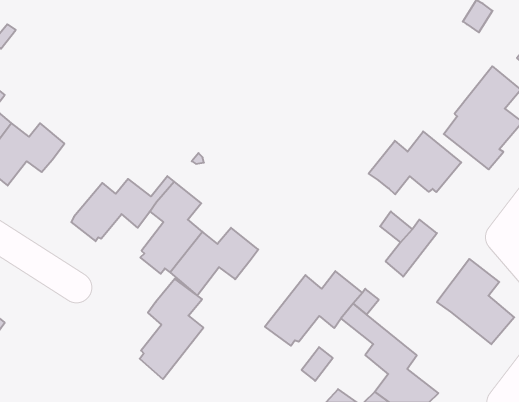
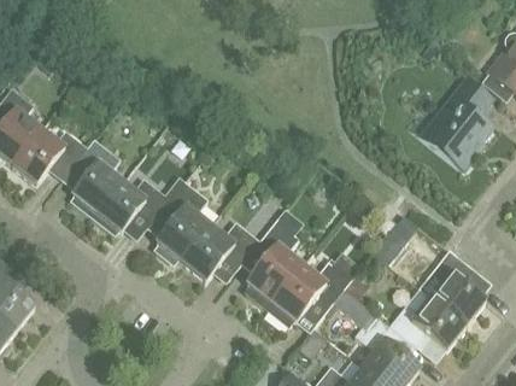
building: [369,131,461,194] -> none
building: none -> [70,138,119,217]
building: [140,279,203,379] -> [244,221,300,310]
building: none -> [387,297,465,350]

